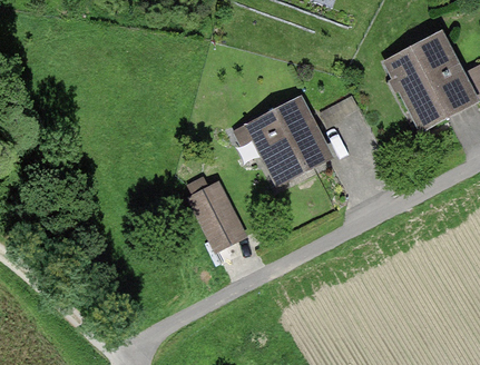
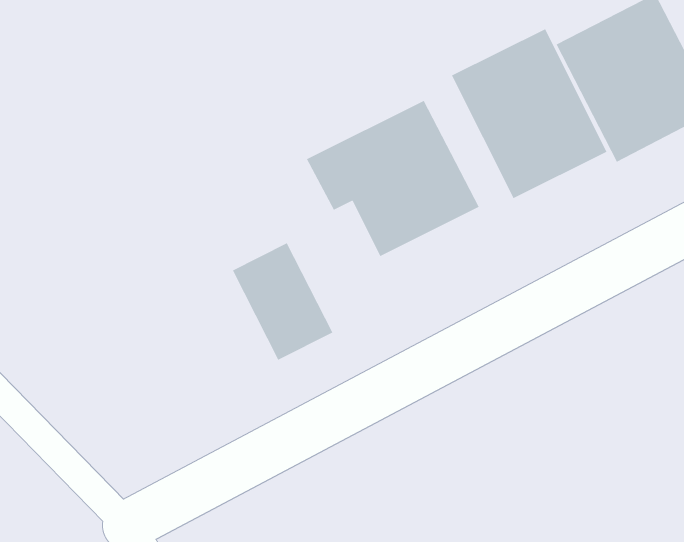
building: none -> [451,28,607,199]

